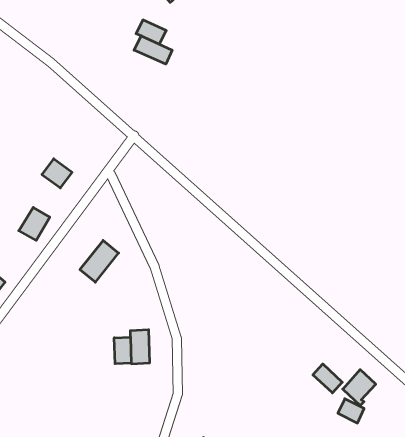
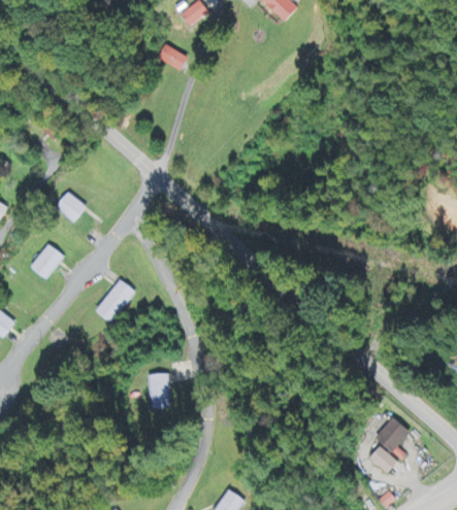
building: [134,36,172,64] -> none
building: [114,337,131,364] -> none
building: [313,364,342,393] -> none

